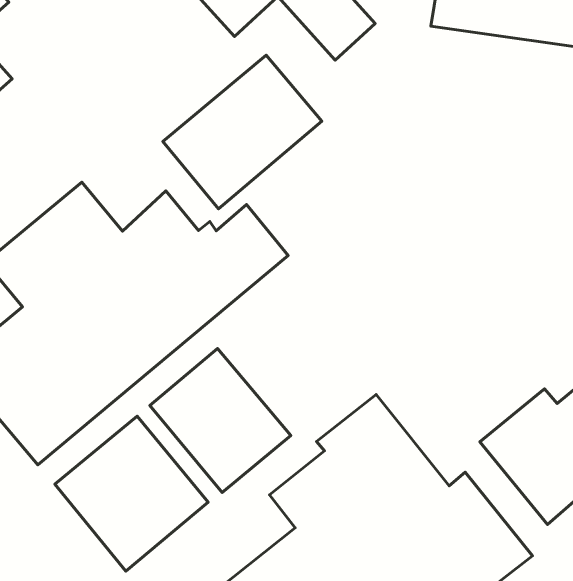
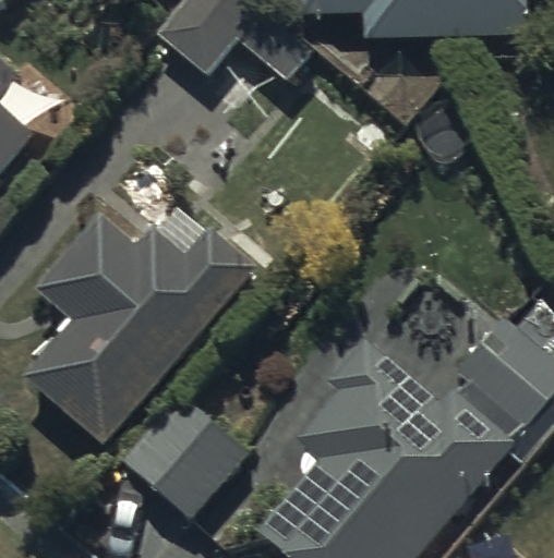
building: [163,55,322,209] -> none
building: [150,349,291,493] -> none

